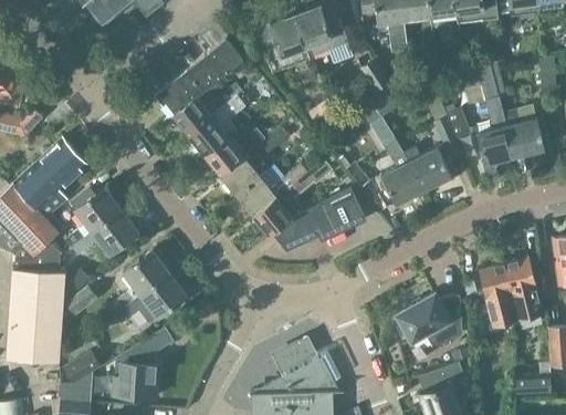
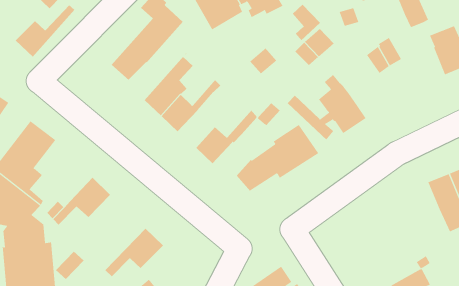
building: [171,85,241,136] -> [15,4,75,57]
building: [476,98,514,166] -> none
building: [219,127,290,196] -> none
building: [401,135,458,191] -> none
building: [69,186,120,232] -> none
building: [251,189,303,237] -> none
building: [113,251,169,312] -> none
building: [394,294,462,347] -> none

